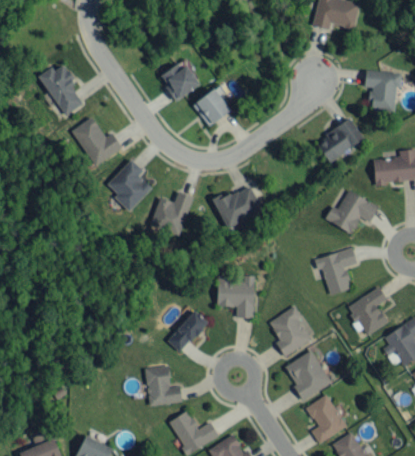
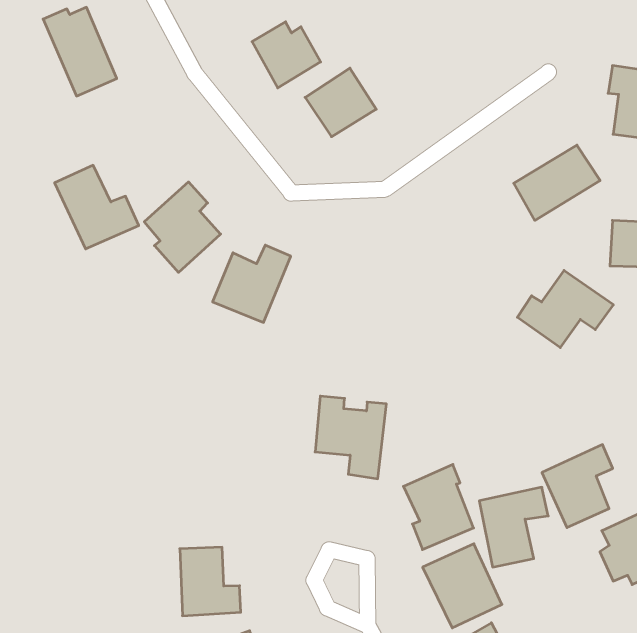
building: [72,117,122,165] -> [55,165,139,249]
building: [213,186,263,228] -> none
building: [318,247,358,295] -> [479,487,548,567]
building: [168,310,208,352] -> none

